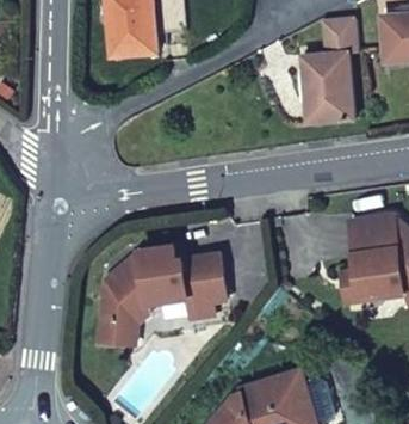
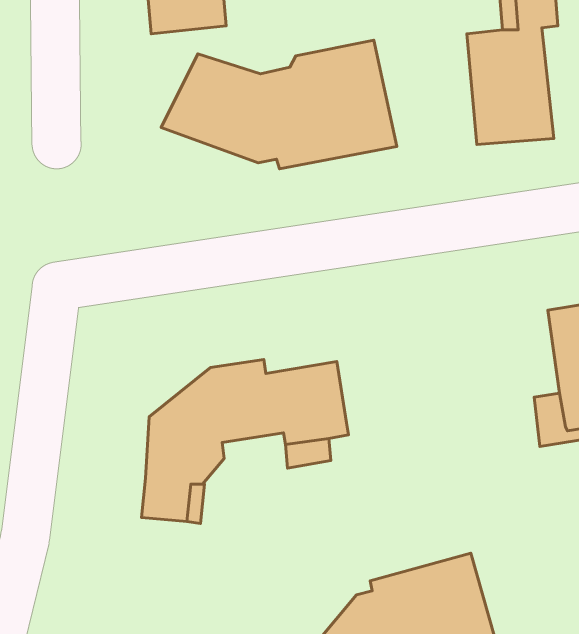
building: none -> [161,40,397,169]

